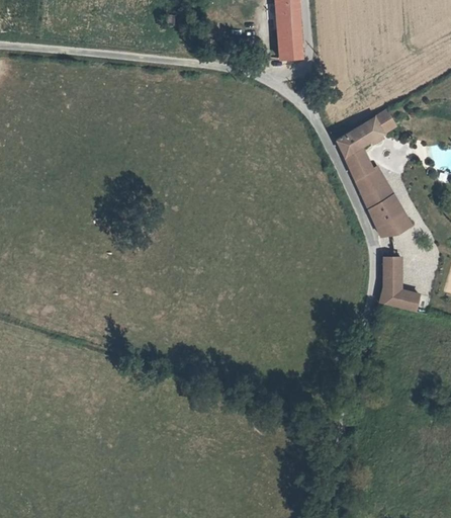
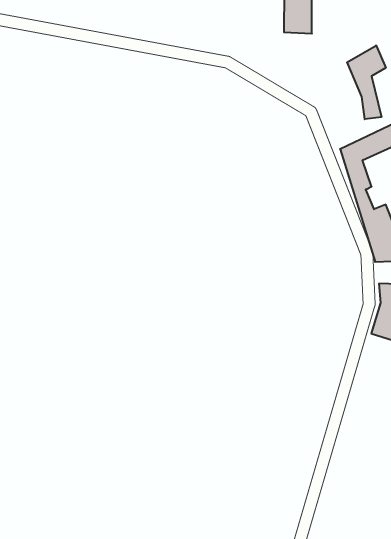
building: [278,36,304,59] -> none
building: none -> [347,45,386,119]

